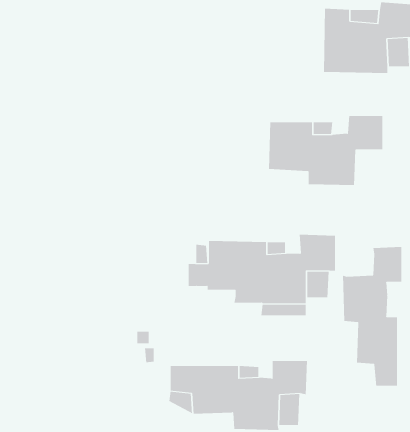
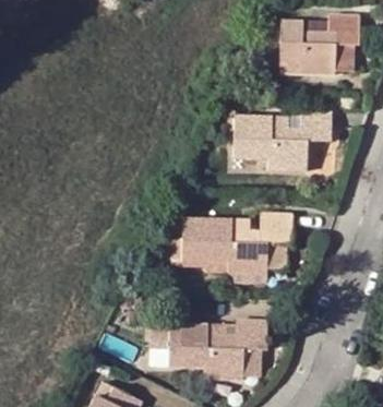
building: [343,246,402,386] -> none

